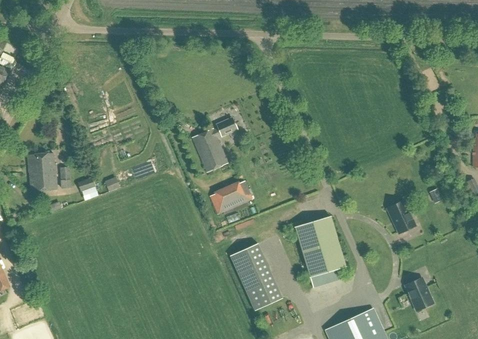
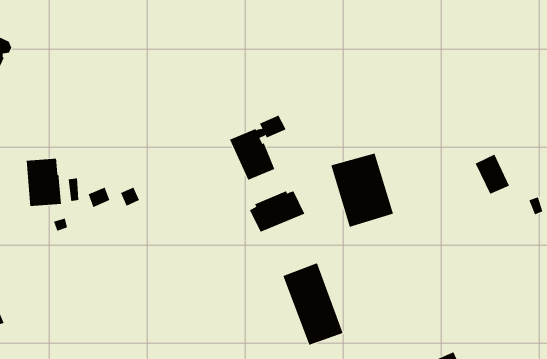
building: [387,200,415,233] -> [475,154,510,195]
building: [294,216,345,276] -> [331,153,394,227]
building: [405,277,433,310] -> none

